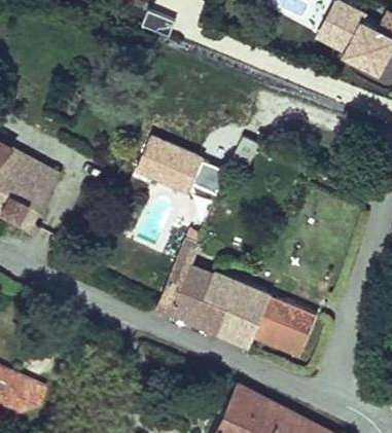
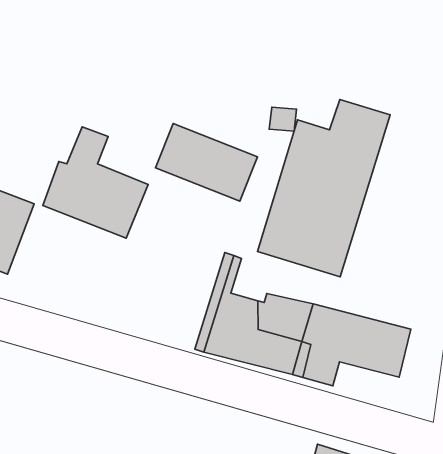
building: none -> [43,127,148,238]
building: none -> [258,99,390,277]

